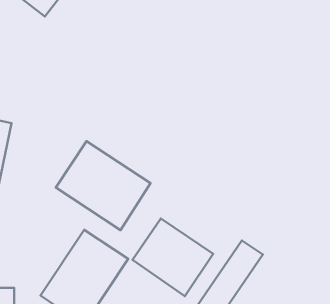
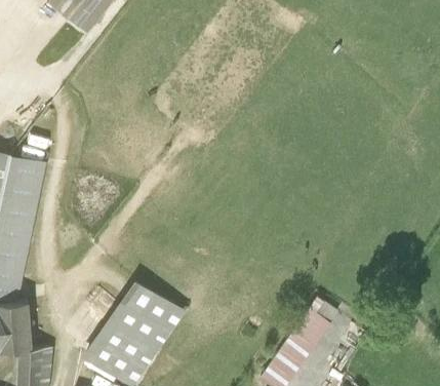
building: [56,141,151,230] -> none
building: [132,218,213,296] -> none

